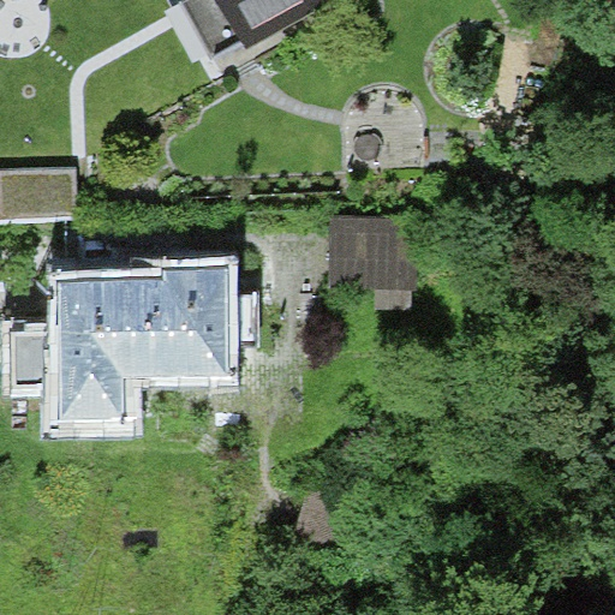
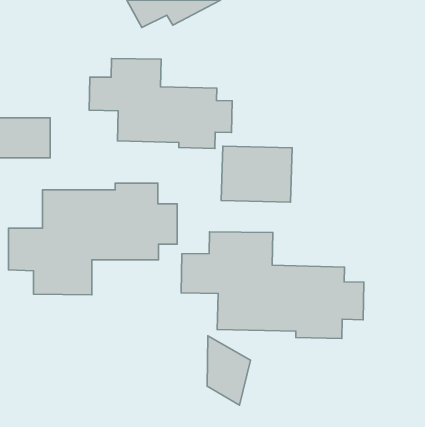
building: none -> [89,59,232,148]
building: none -> [181,232,364,339]

